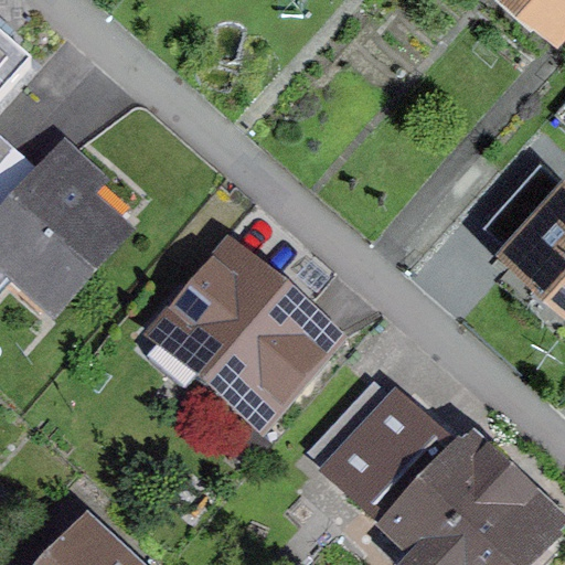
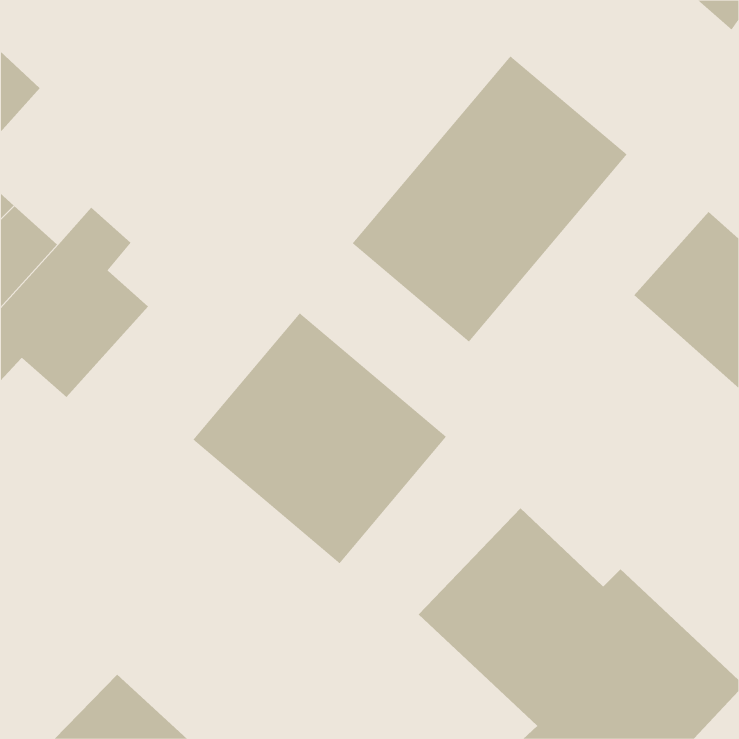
building: none -> [352,55,628,343]

